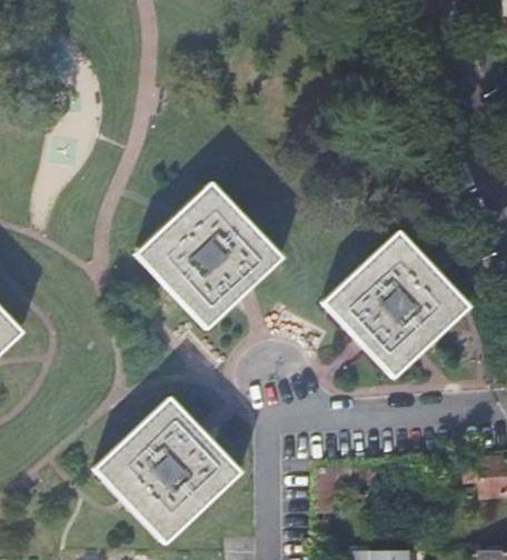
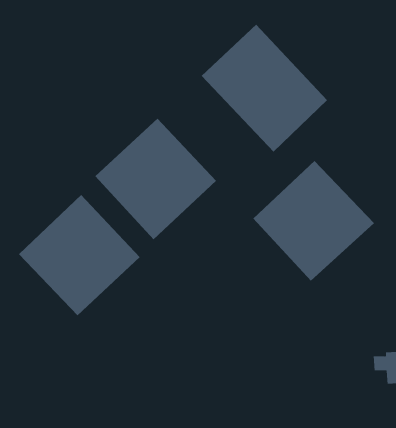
building: none -> [201,24,328,152]
building: [96,398,240,542] -> [18,194,141,316]

